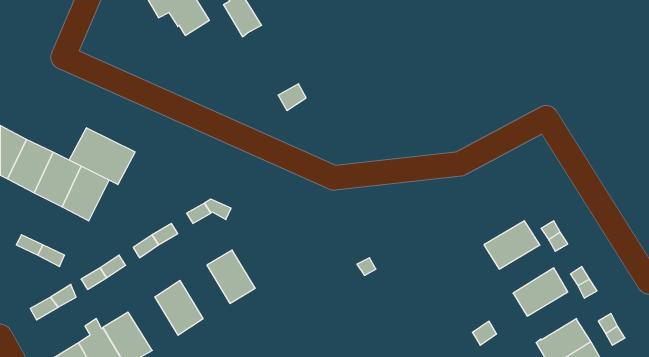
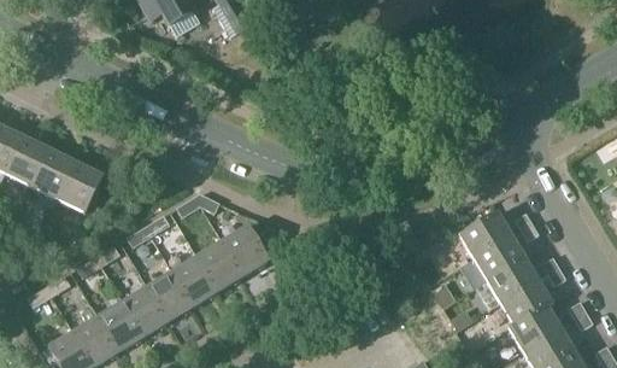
building: [69,128,135,185] -> none
building: none -> [221,224,269,276]
building: none -> [474,235,525,281]
building: none -> [171,255,218,305]
building: none -> [500,280,552,326]
building: none -> [122,285,169,335]

